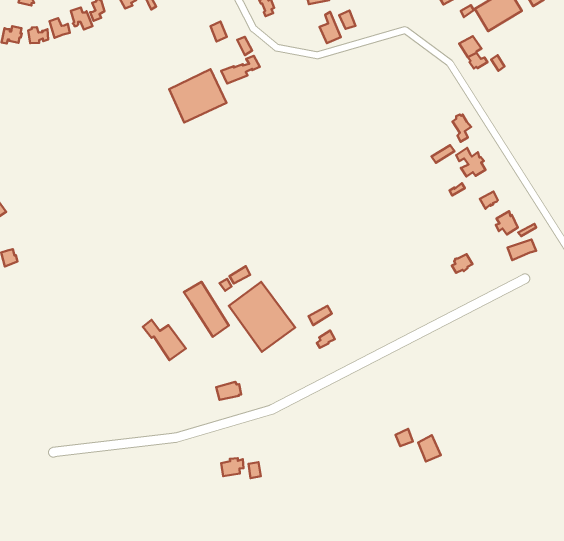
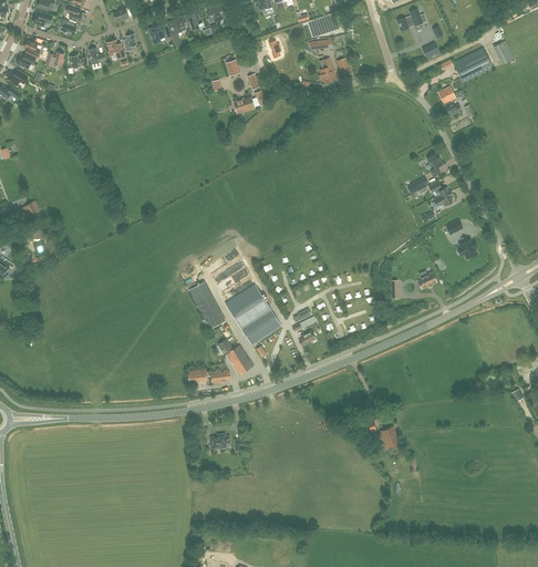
building: [169,69,227,122] -> none
building: [143,320,186,360] -> [218,339,254,374]

